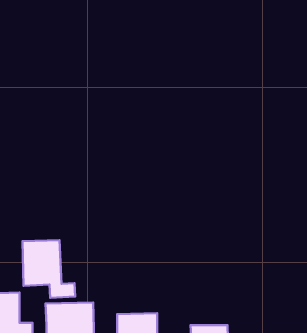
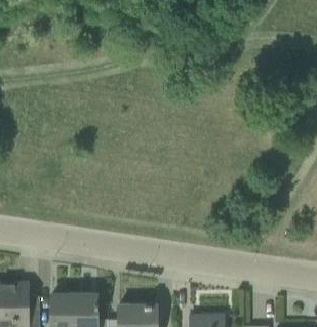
building: [23,240,75,298] -> none

